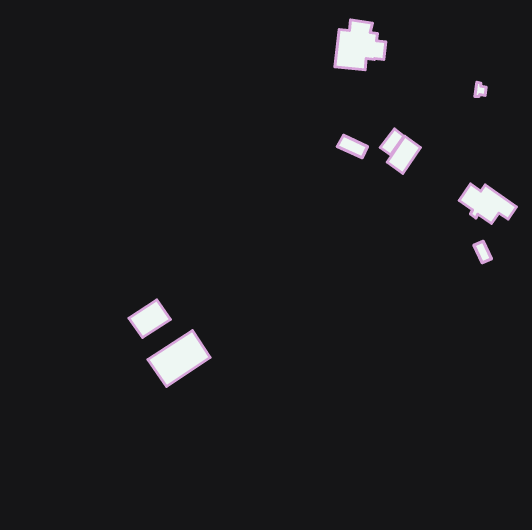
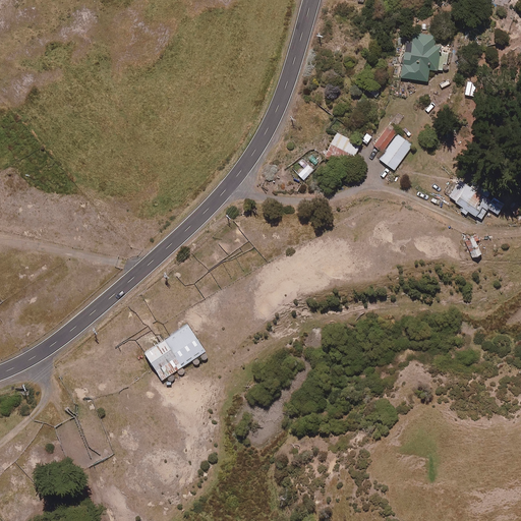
building: [335,20,386,70] -> [398,33,448,81]
building: [129,300,170,338] -> none

